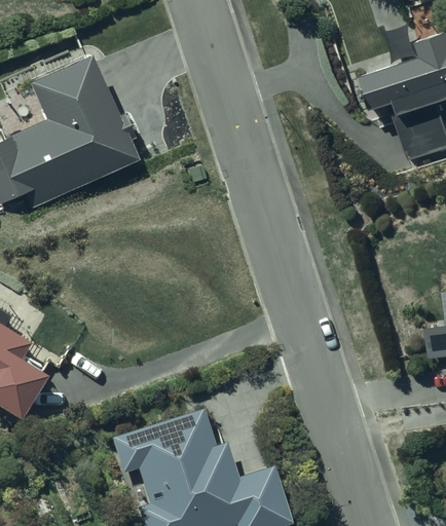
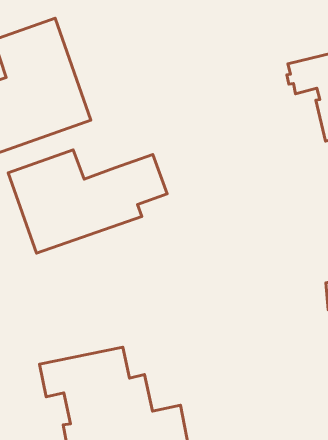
building: none -> [8,150,167,253]

